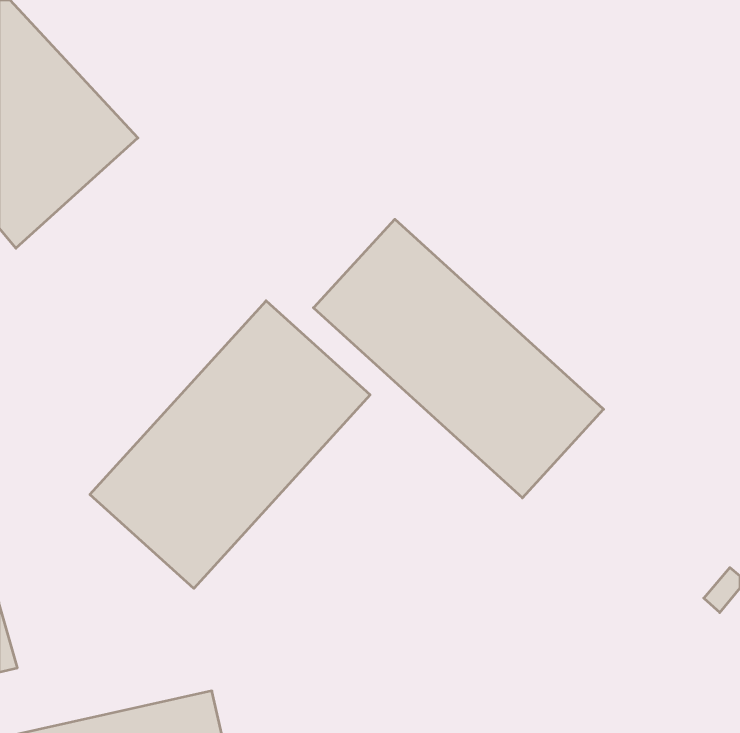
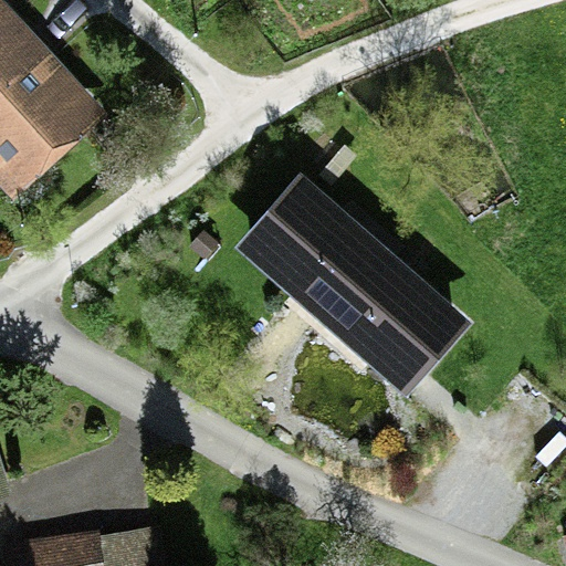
building: [90,301,370,588] -> none

